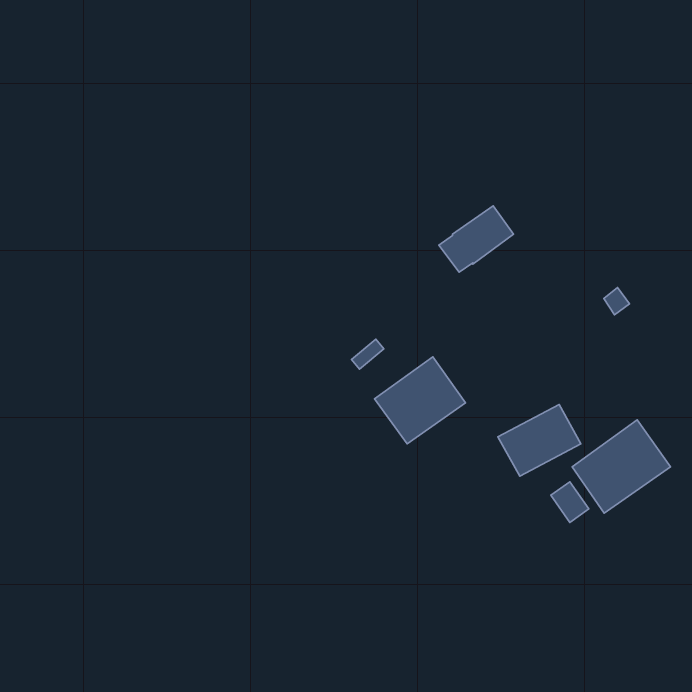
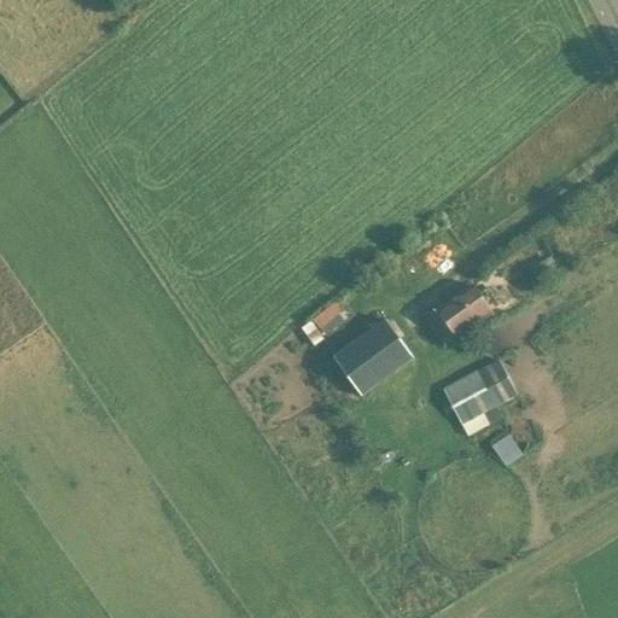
building: [439,206,514,272] -> [425,285,491,344]
building: [572,420,671,513] -> none

